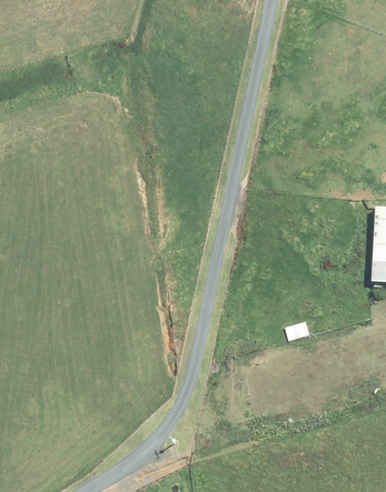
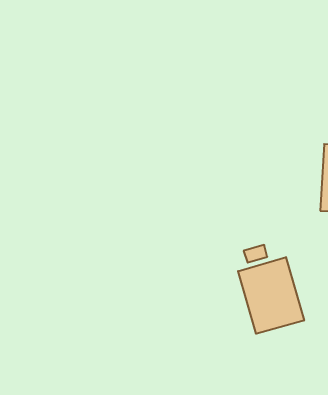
building: none -> [238,257,304,334]

